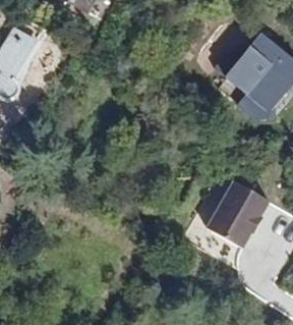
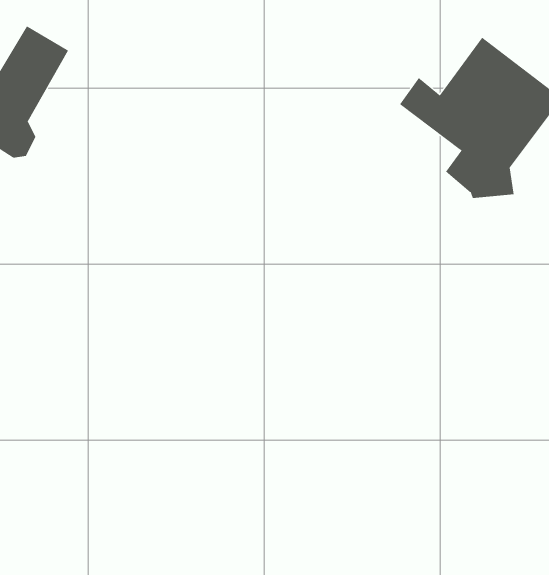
building: [204,179,267,247] -> none

